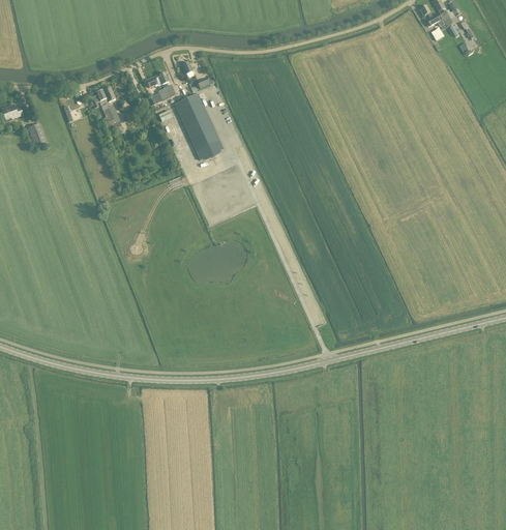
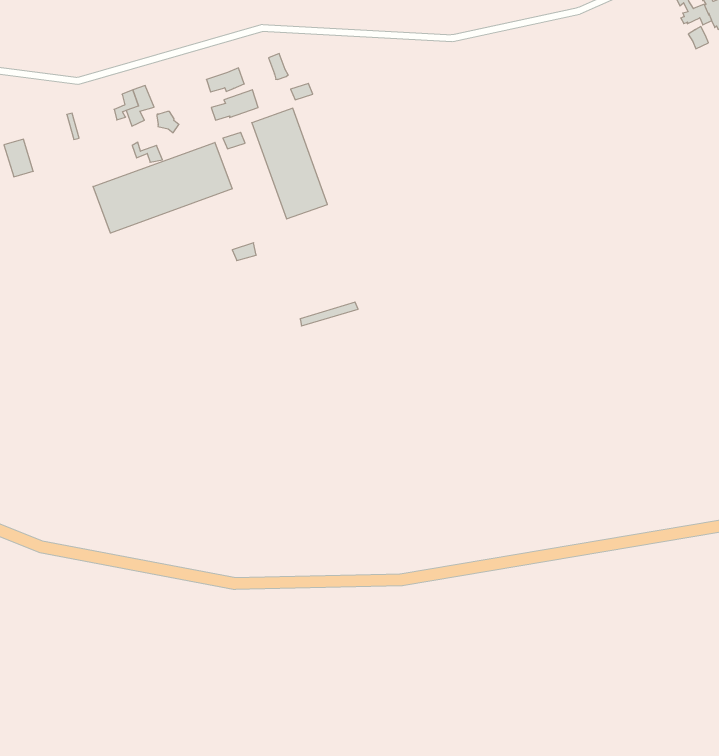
building: none -> [93,142,232,233]

